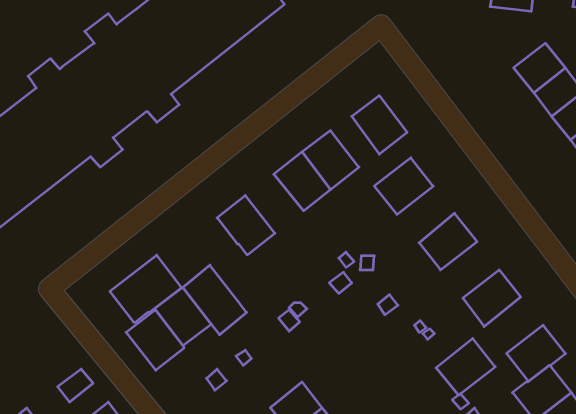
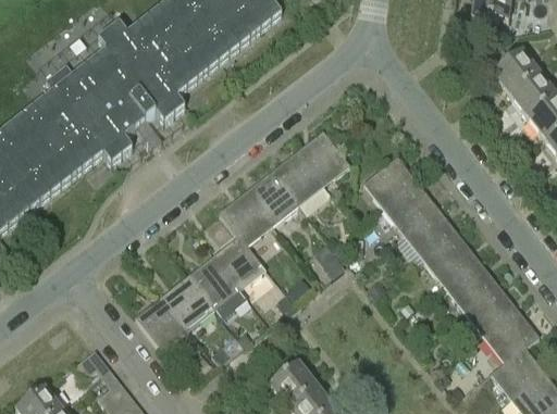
building: [352,96,407,154] -> none
building: none -> [245,170,298,224]
building: none -> [384,180,437,233]
building: none -> [424,231,479,284]
building: none -> [212,234,265,287]
building: [110,255,181,322] -> none
building: [436,338,495,395] -> [465,283,519,335]

